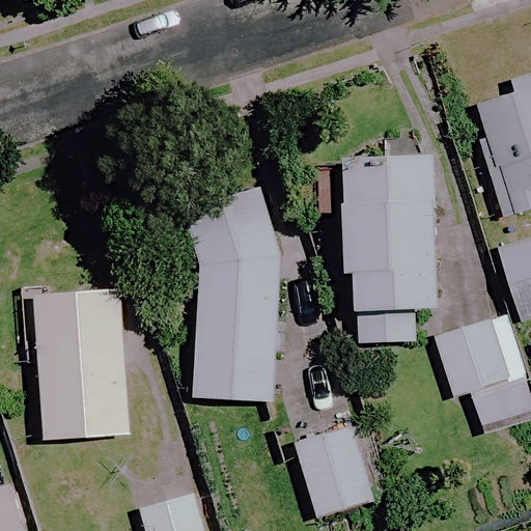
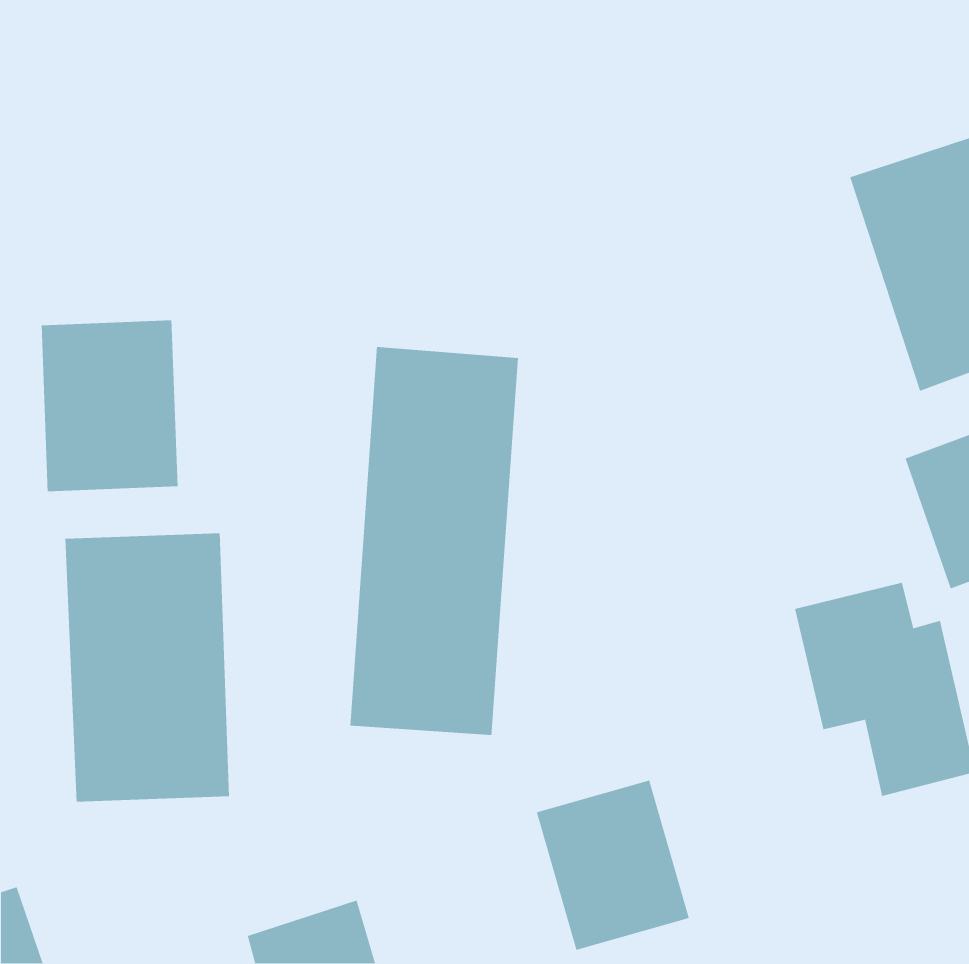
building: [339,155,437,311] -> none
building: none -> [41,319,178,492]

